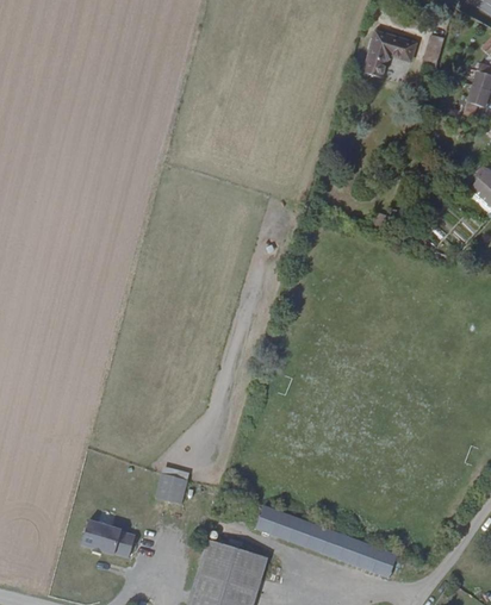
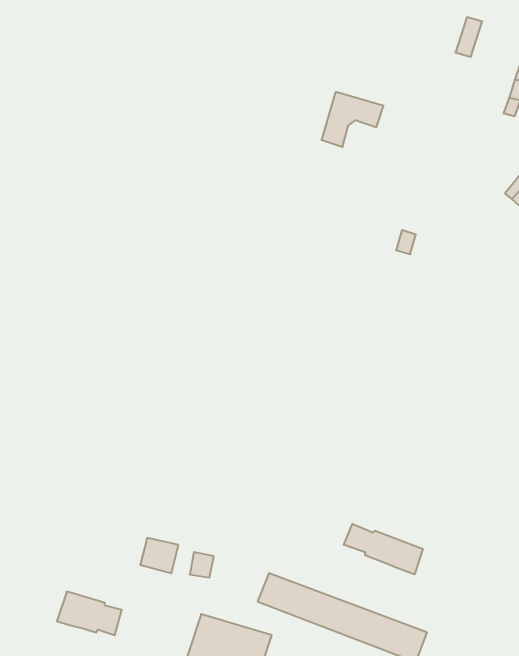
building: [363,32,416,79] -> [321,92,384,147]
building: none -> [344,524,423,574]

